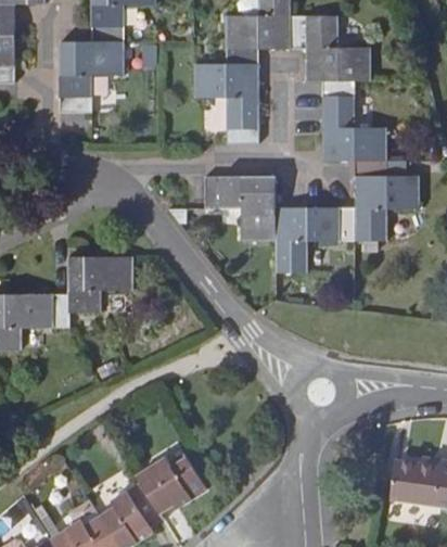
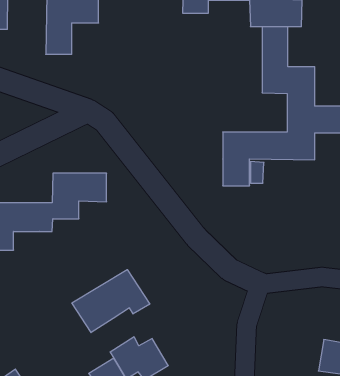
building: [193,63,257,144] -> none
building: [204,176,274,240] -> none
building: none -> [72,270,150,333]

